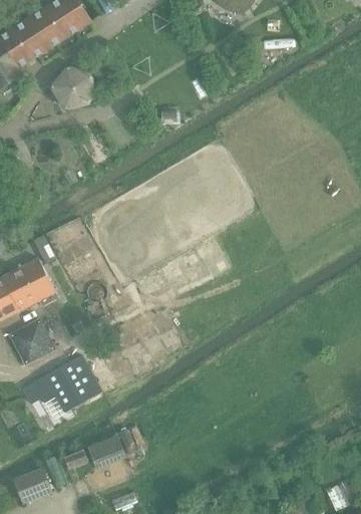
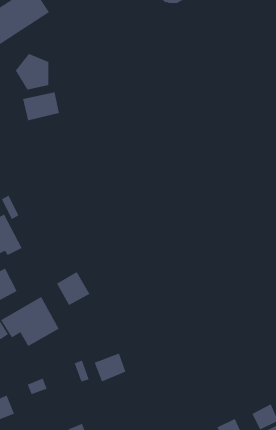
building: none -> [23,92,59,121]
building: none -> [56,271,90,306]
building: [87,434,125,468] -> [94,353,126,382]

